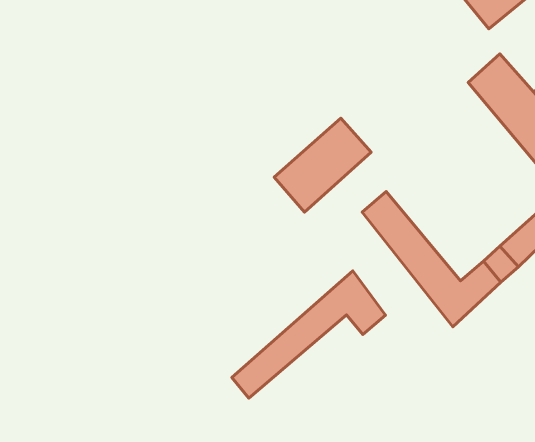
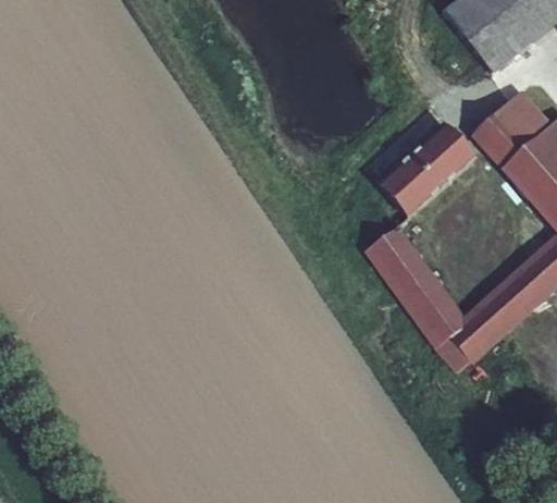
building: [274,118,371,212] -> [376,124,473,218]
building: [232,271,386,398] -> none

